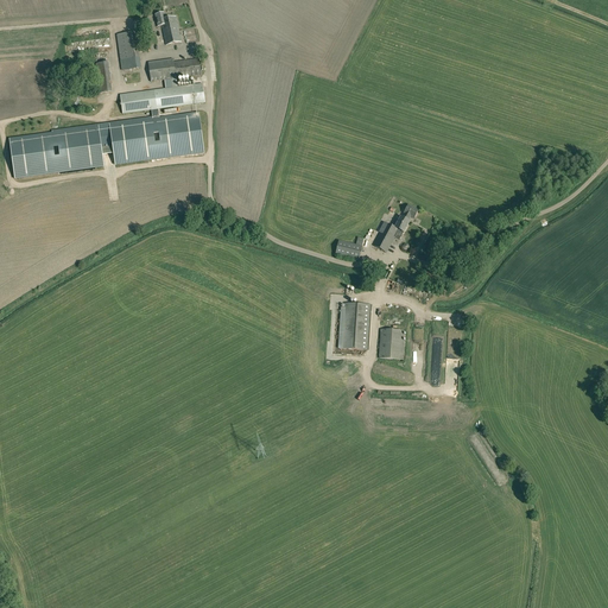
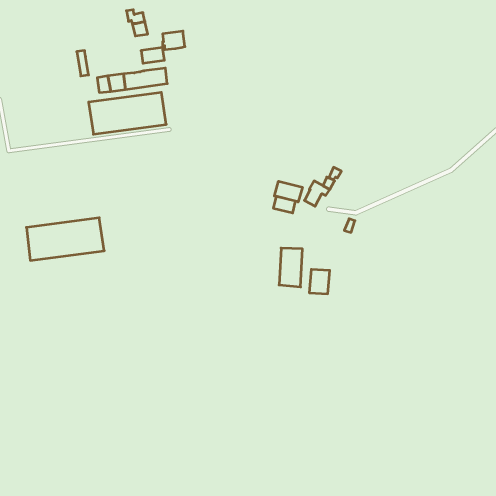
building: [115,31,140,70] -> none
building: [147,58,175,81] -> [163,31,185,50]
building: [8,126,103,178] -> [26,218,104,260]
building: none -> [274,181,302,202]

